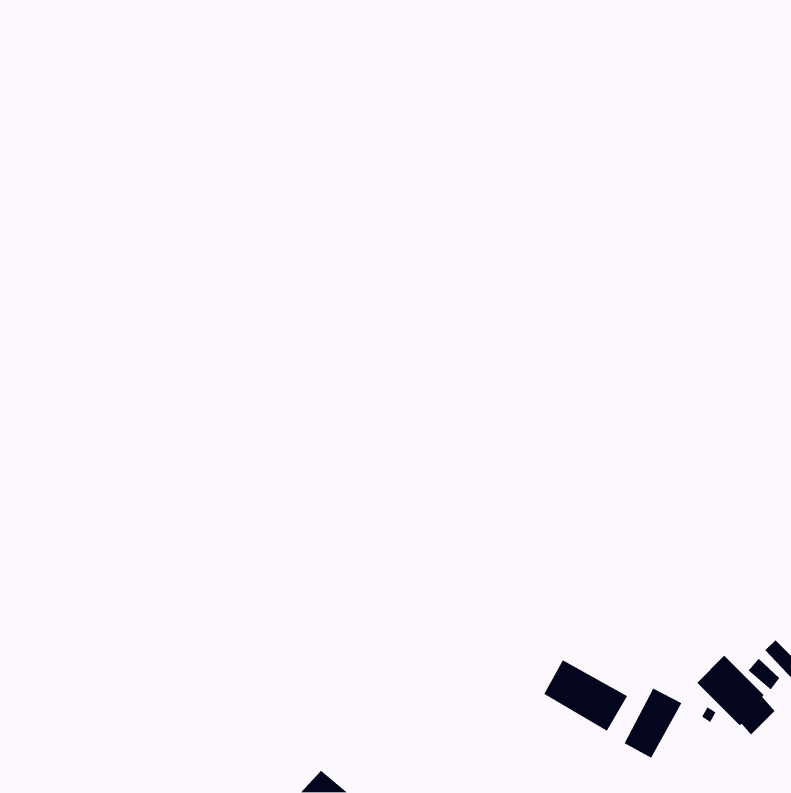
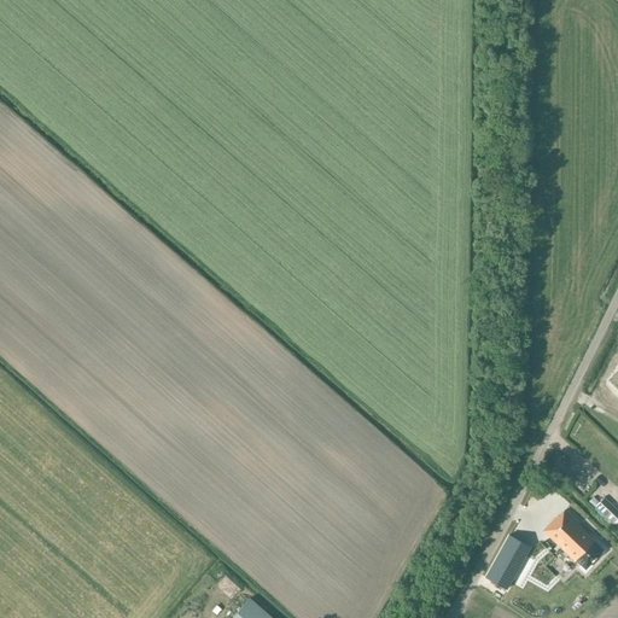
building: [543,659,628,732] -> none

